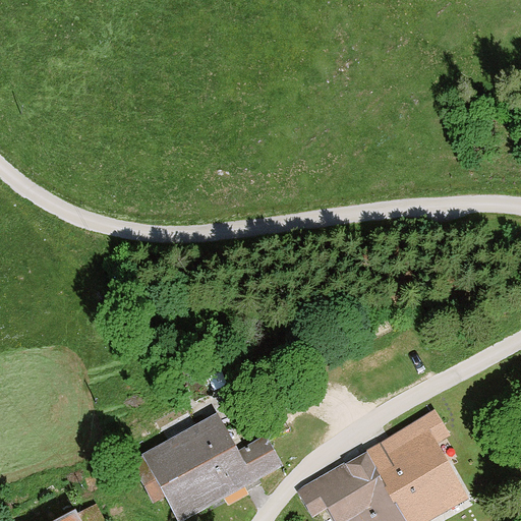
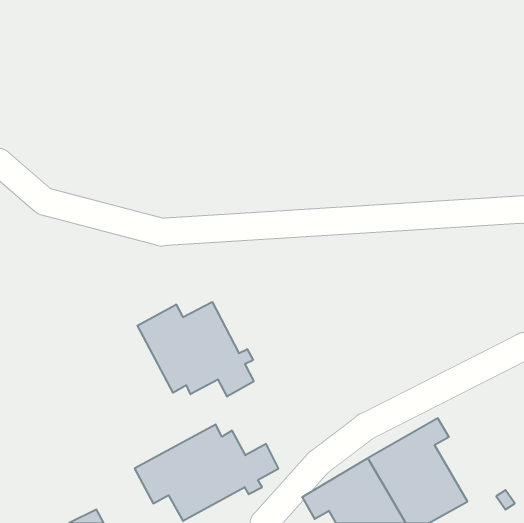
building: none -> [137,302,254,397]

